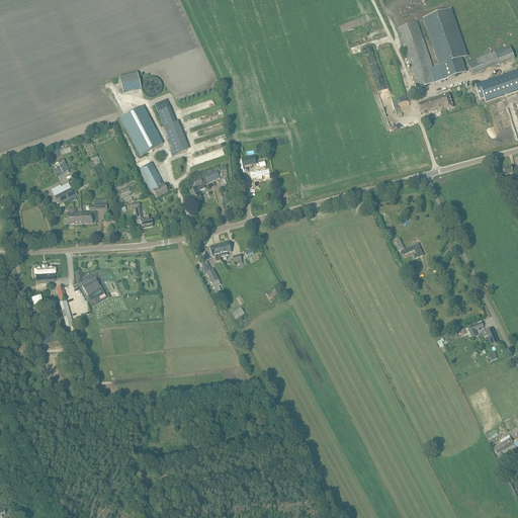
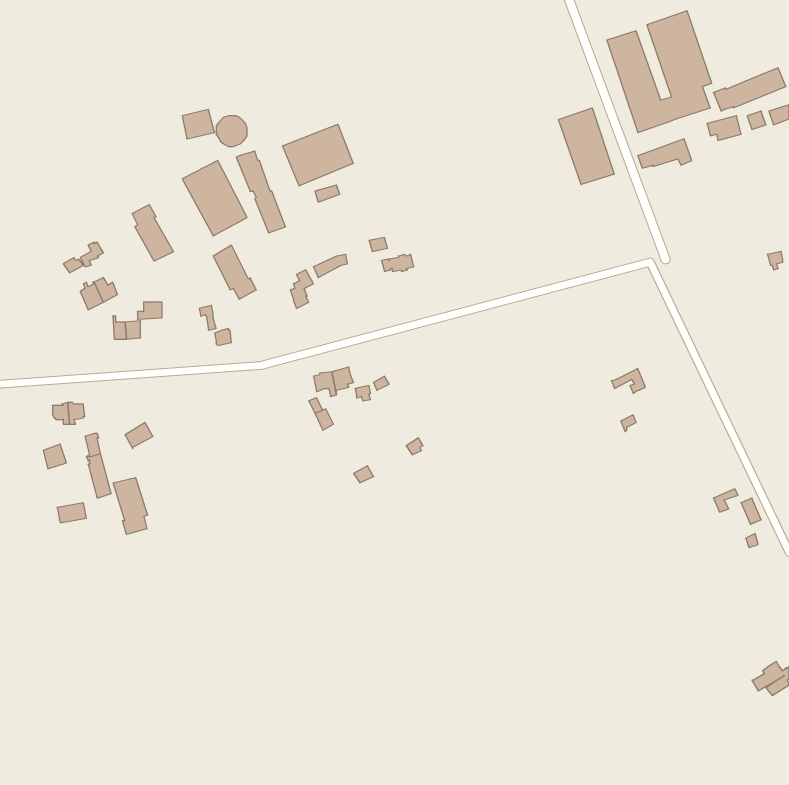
building: none -> [559,108,614,185]
building: none -> [283,124,353,186]
building: none -> [132,205,173,261]
building: none -> [113,478,147,534]

